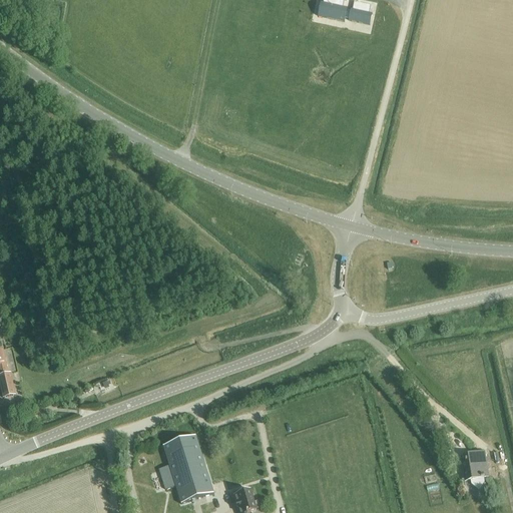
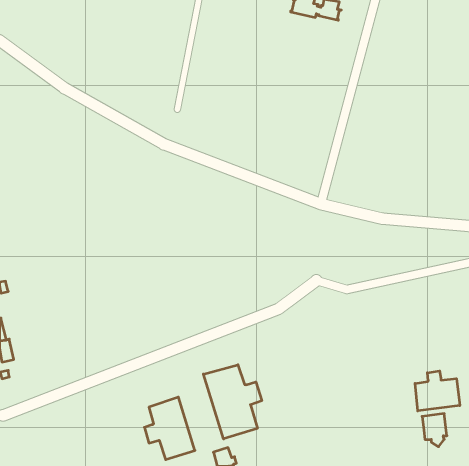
building: none -> [203,365,262,439]
building: none -> [415,371,460,411]

